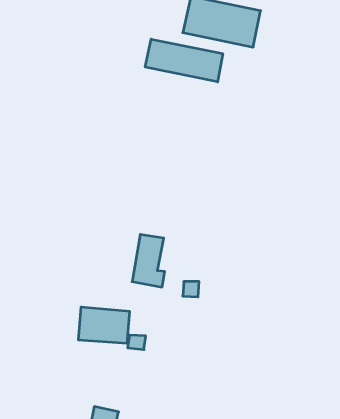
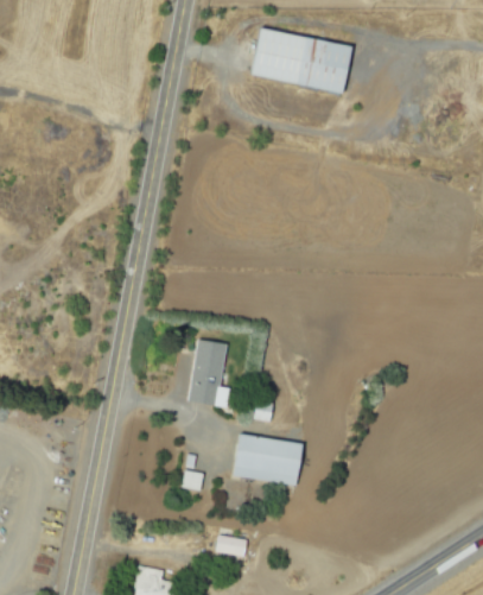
building: [145,39,223,82] -> none
building: [78,307,130,343] -> [231,436,299,483]
building: none -> [214,534,248,558]

